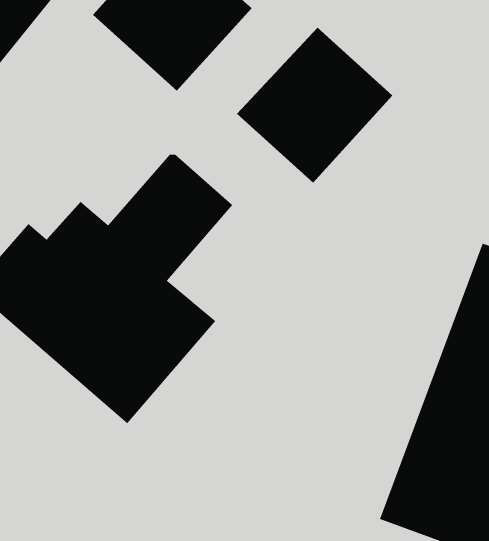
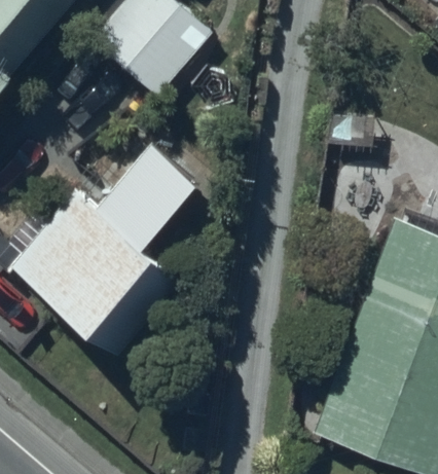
building: [236,27,393,184] -> none

